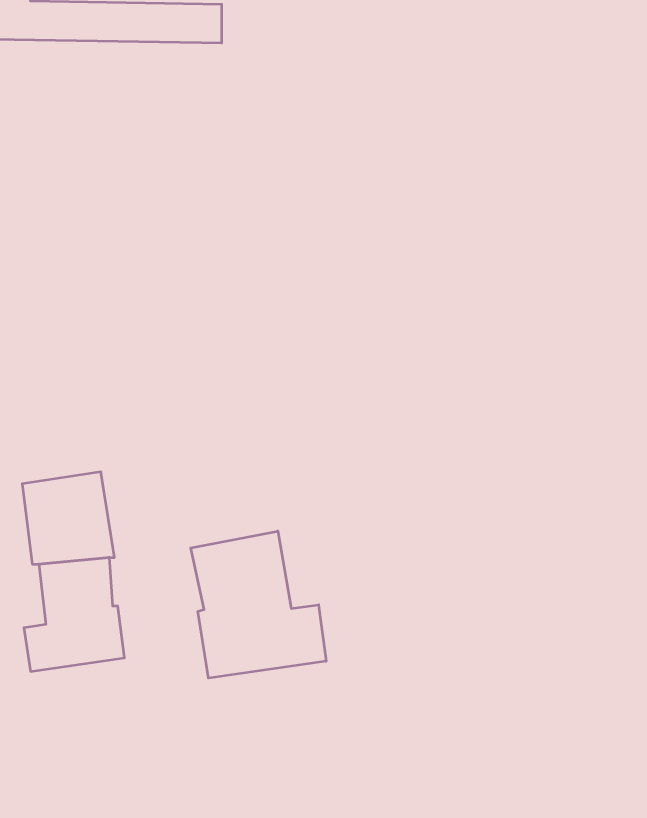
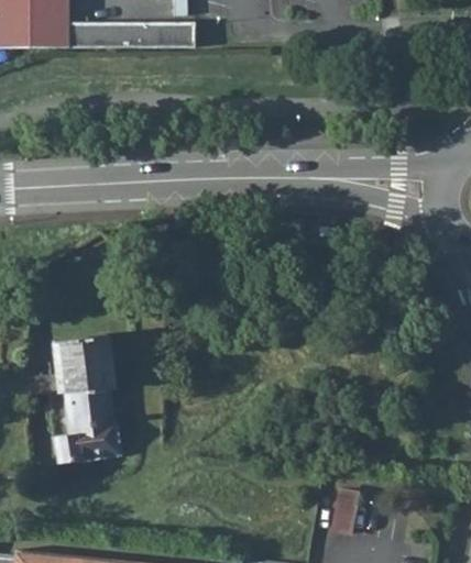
building: [191,531,326,678] -> none
building: none -> [328,495,358,544]

